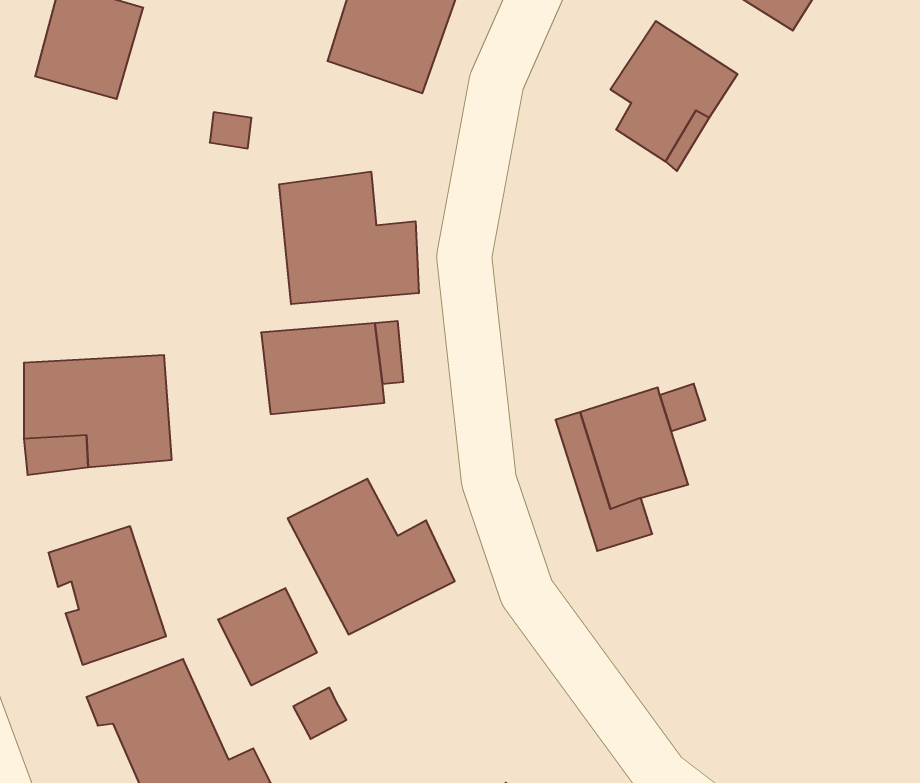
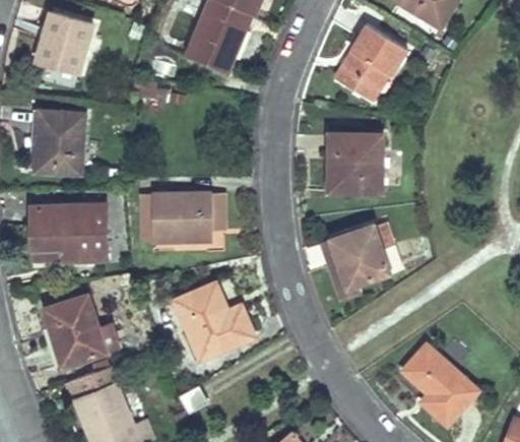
building: none -> [32,106,81,173]
building: [279,172,419,304] -> none
building: none -> [326,138,380,201]
building: [218,588,317,685] -> none
building: none -> [402,351,479,427]

